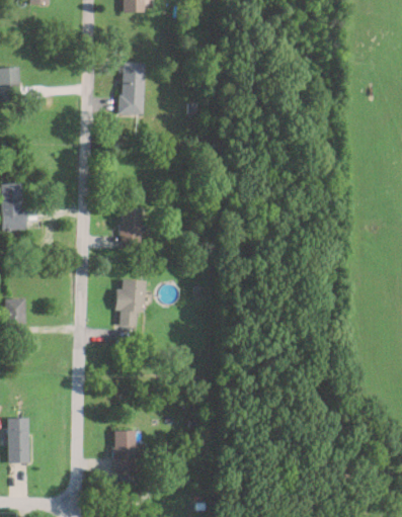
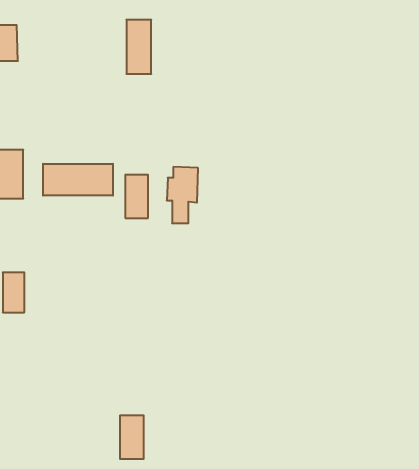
building: none -> [43,164,113,196]
building: [115,278,145,331] -> [167,167,198,223]
building: [7,417,29,462] -> none

